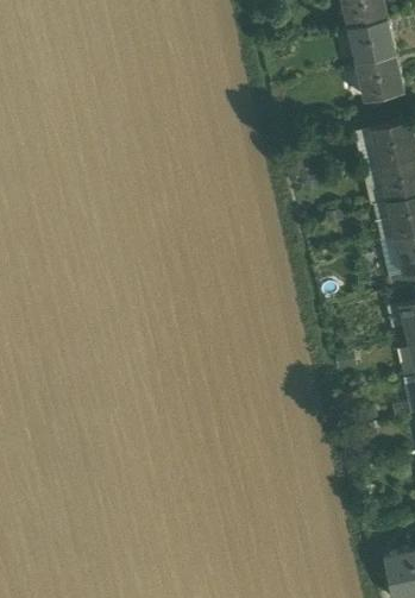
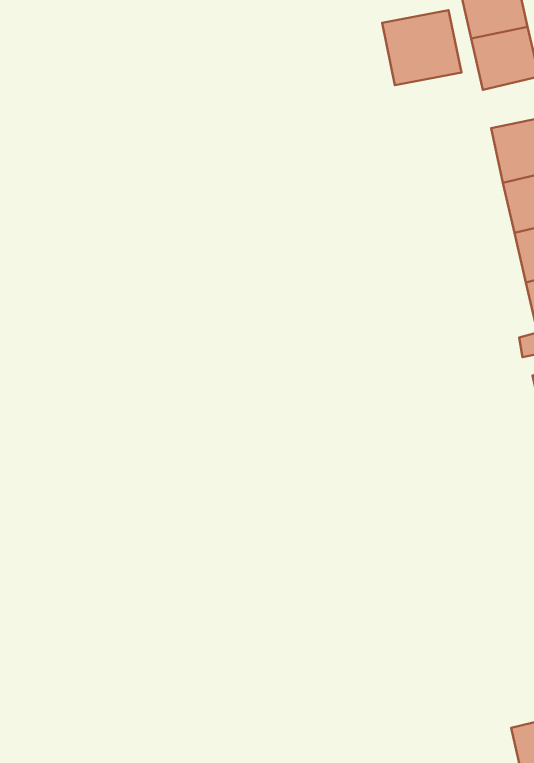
building: none -> [382,10,461,85]

